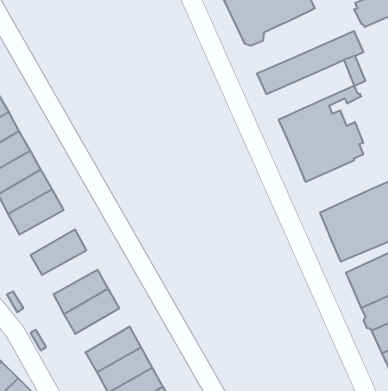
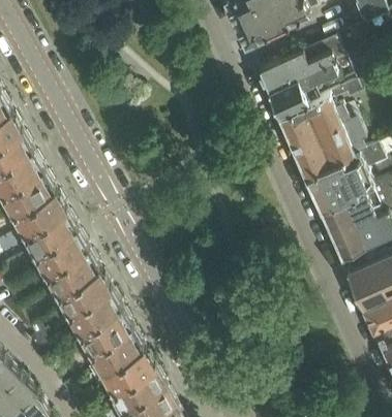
building: none -> [267,68,336,122]
building: none -> [306,151,384,215]
building: none -> [20,212,76,257]
building: none -> [42,252,98,296]
building: none -> [76,310,130,354]

